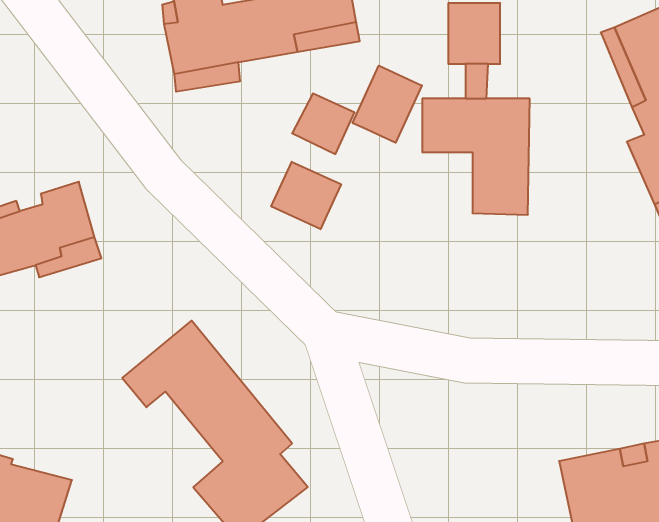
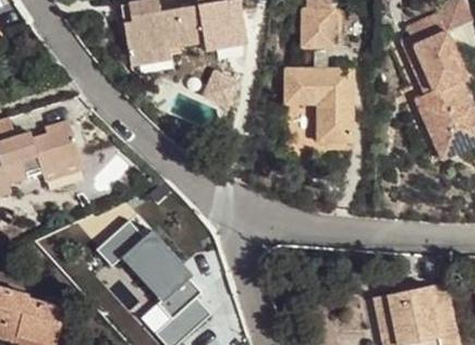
building: [353,66,422,143] -> none
building: [271,162,341,229] -> none

